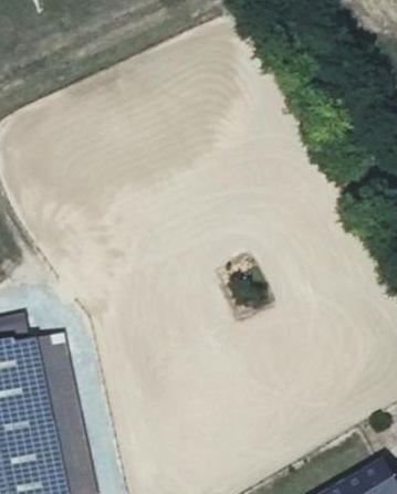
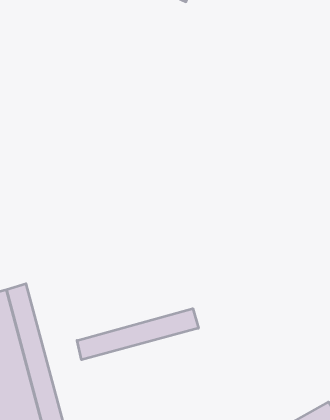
building: none -> [77,309,198,360]

